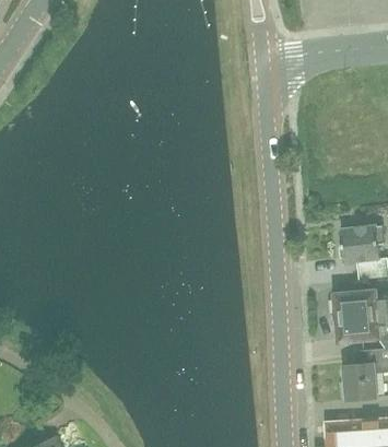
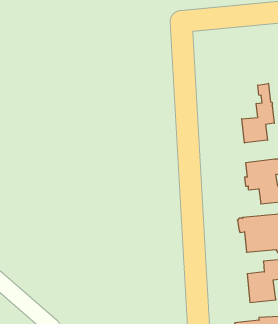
building: none -> [242,83,274,143]

